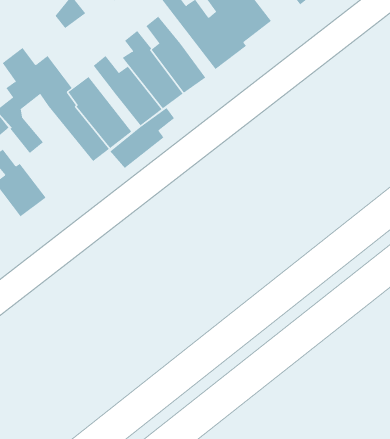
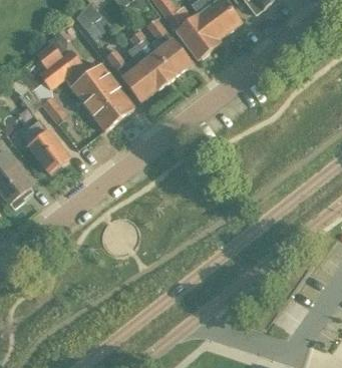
building: [110,107,175,169] -> none

